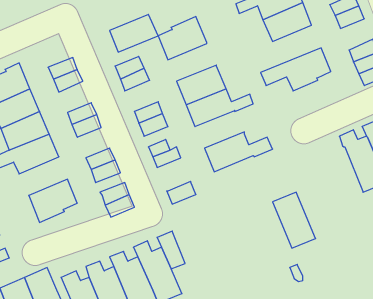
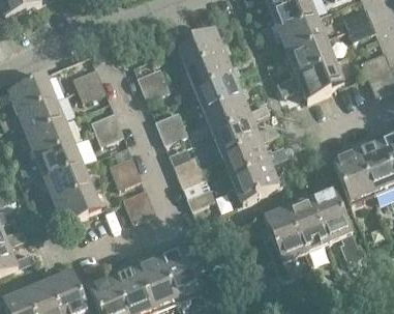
building: [110,14,158,52] -> [187,54,234,90]
building: none -> [276,36,334,82]
building: none -> [213,118,278,154]
building: none -> [329,146,374,206]
building: none -> [232,162,279,202]
building: none -> [44,163,91,200]
building: none -> [177,164,209,196]
building: none -> [310,187,362,265]
building: none -> [264,206,306,261]

